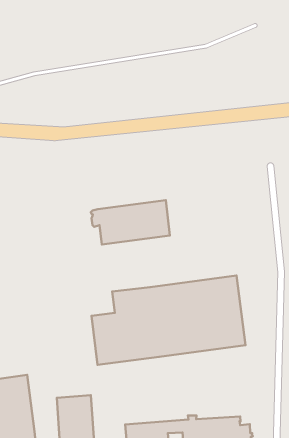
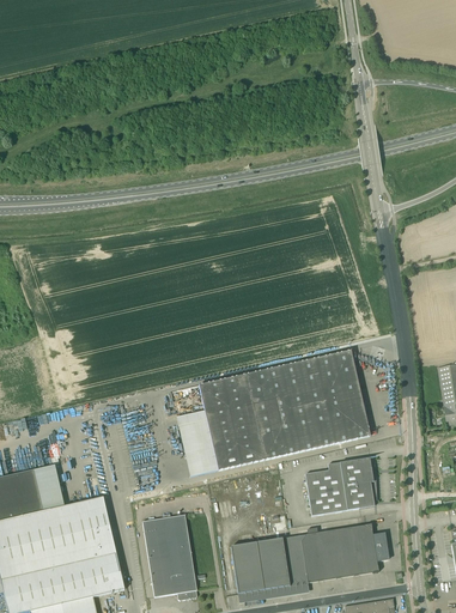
building: [91,200,170,244] -> none
building: none -> [305,457,377,515]

